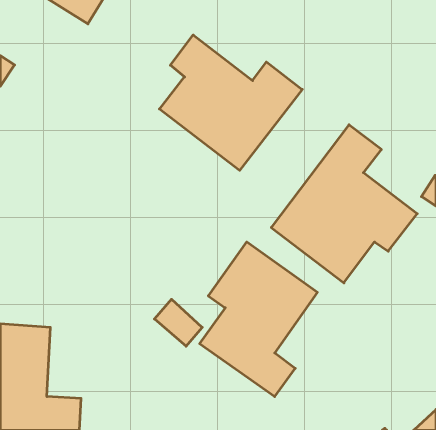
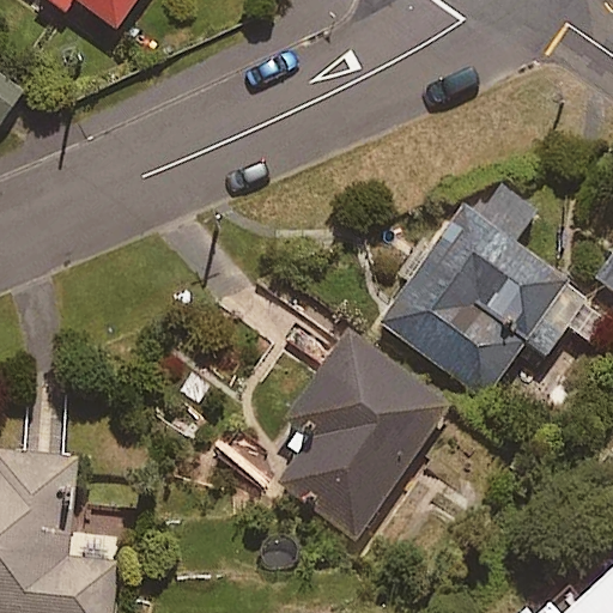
building: [159,35,302,170] -> none

